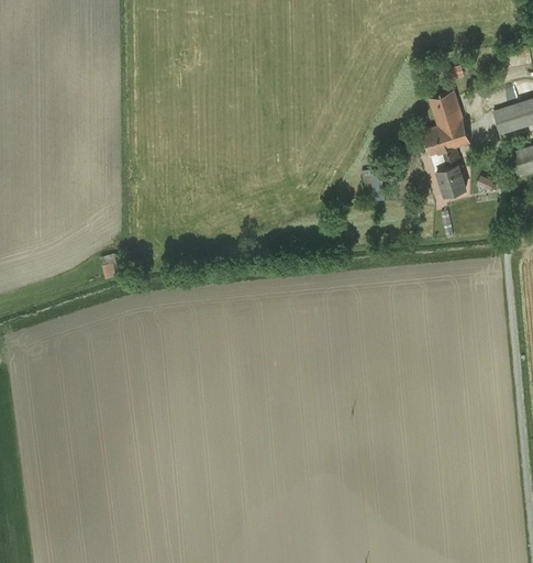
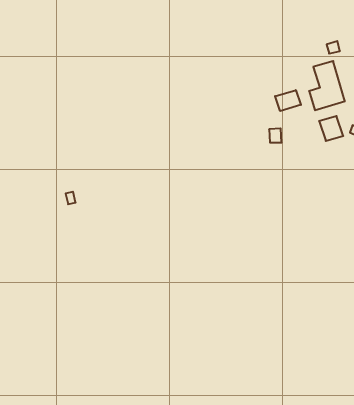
building: none -> [275,90,301,111]

